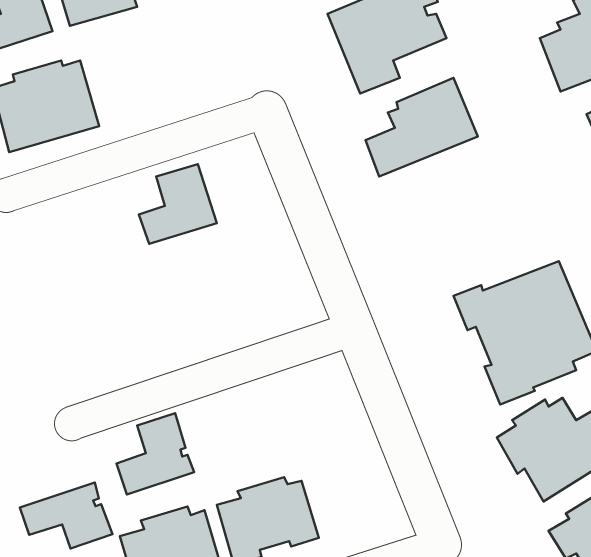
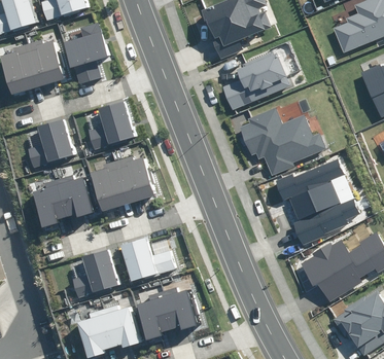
building: none -> [63,24,108,84]
building: none -> [240,107,325,176]
building: none -> [27,119,73,168]
building: none -> [90,155,152,212]
building: none -> [31,175,92,227]
building: none -> [125,241,179,281]
building: [20,483,113,548] -> none

